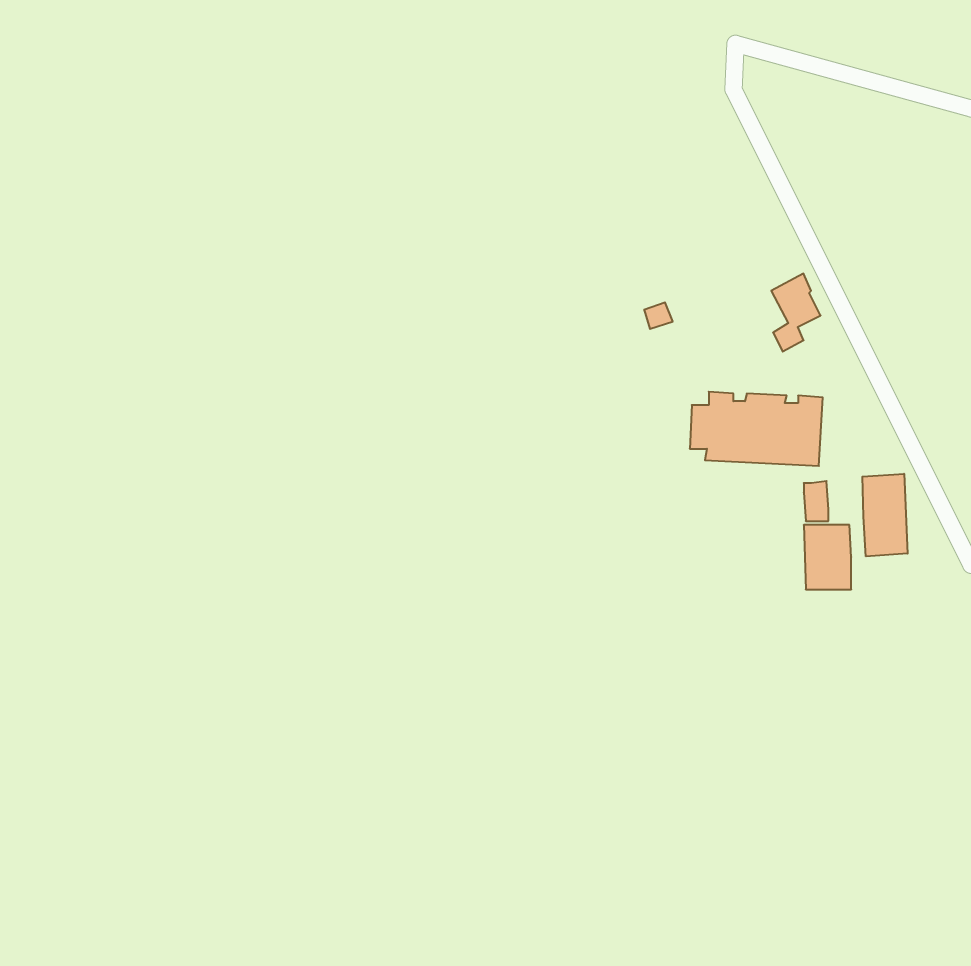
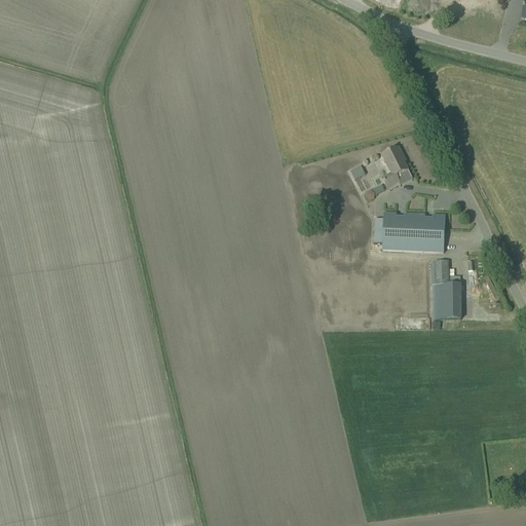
building: [771,274,821,352] -> [381,146,408,188]
building: [862,474,908,556] -> none

